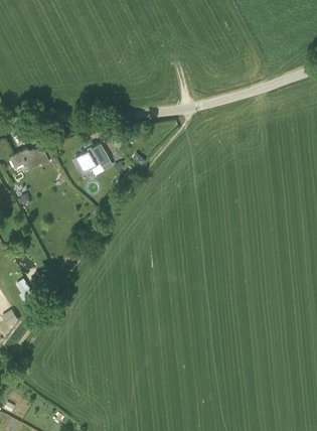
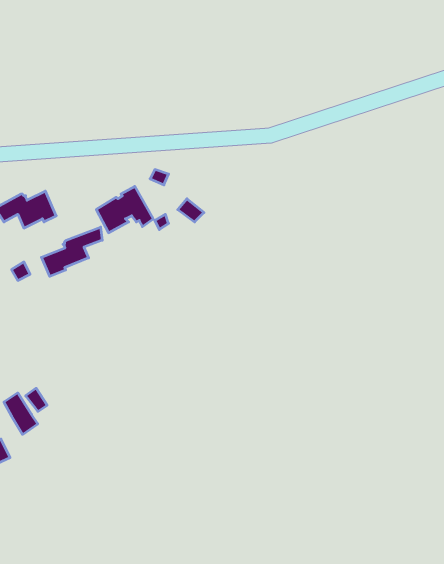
building: none -> [41,227,102,276]

